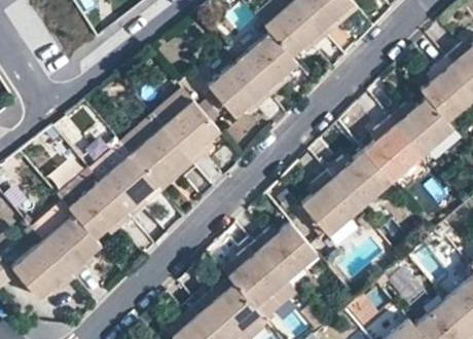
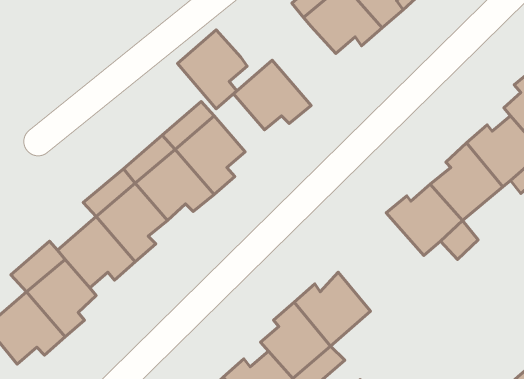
building: [239,29,294,91] -> [177,30,247,109]
building: [303,177,359,236] -> none

